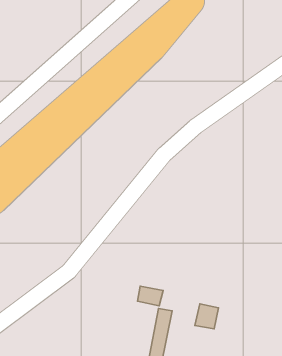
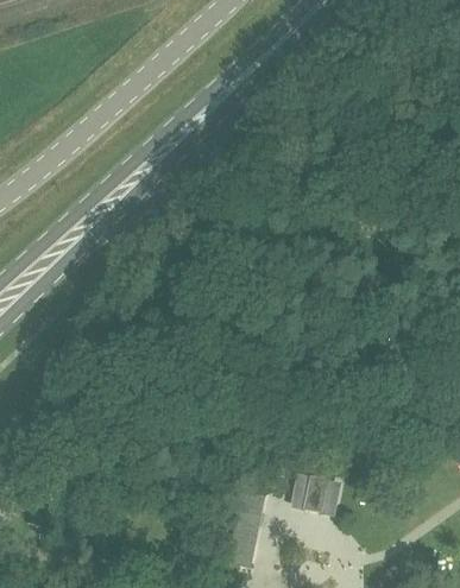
building: [137,286,163,306] -> none

